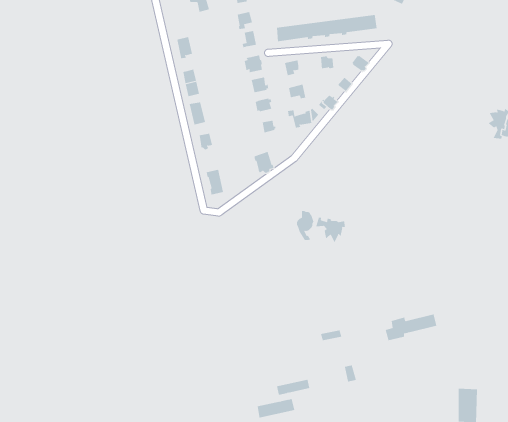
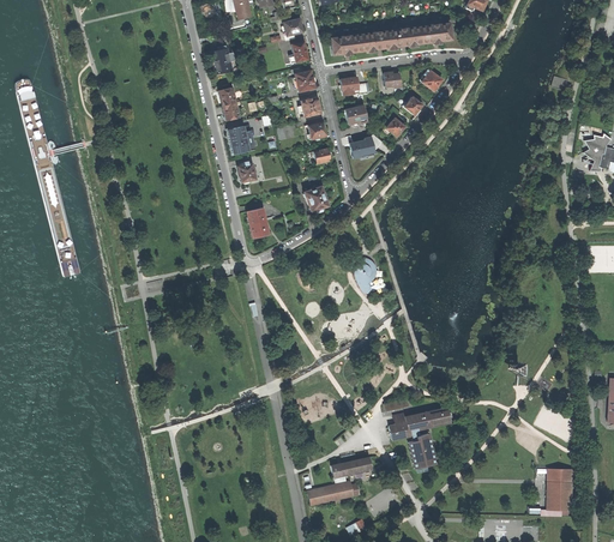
building: [315,217,346,243] -> none
building: [385,314,437,341] -> [389,408,451,440]

